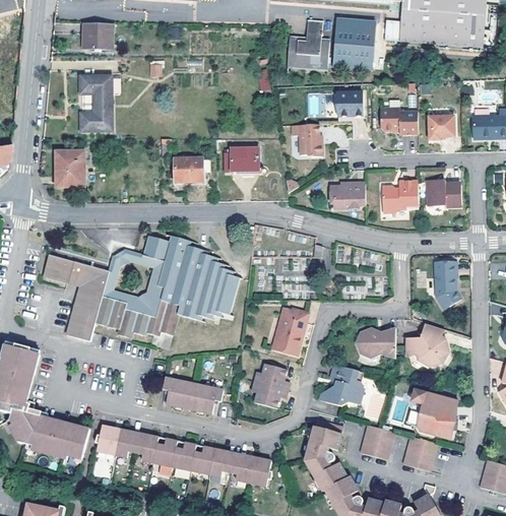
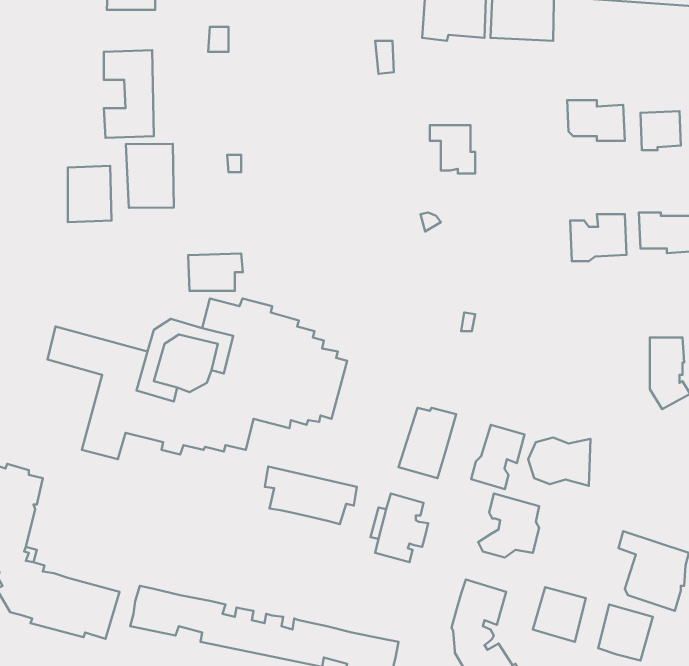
building: [333,91,360,116] -> none
building: none -> [126,144,174,208]
building: [230,147,259,172] -> none
building: [173,157,208,182] -> [188,254,243,291]
building: [330,182,366,207] -> none
building: none -> [471,425,524,489]
building: [405,323,450,366] -> none
building: [163,376,223,413] -> [265,466,357,524]

